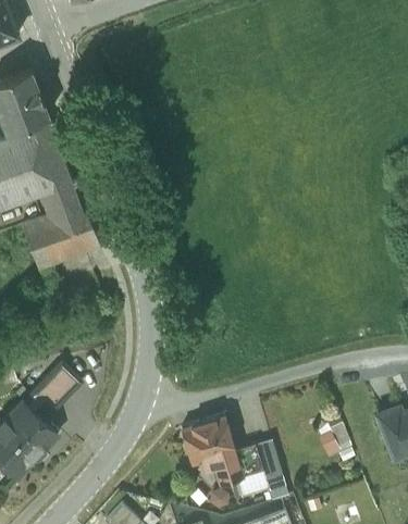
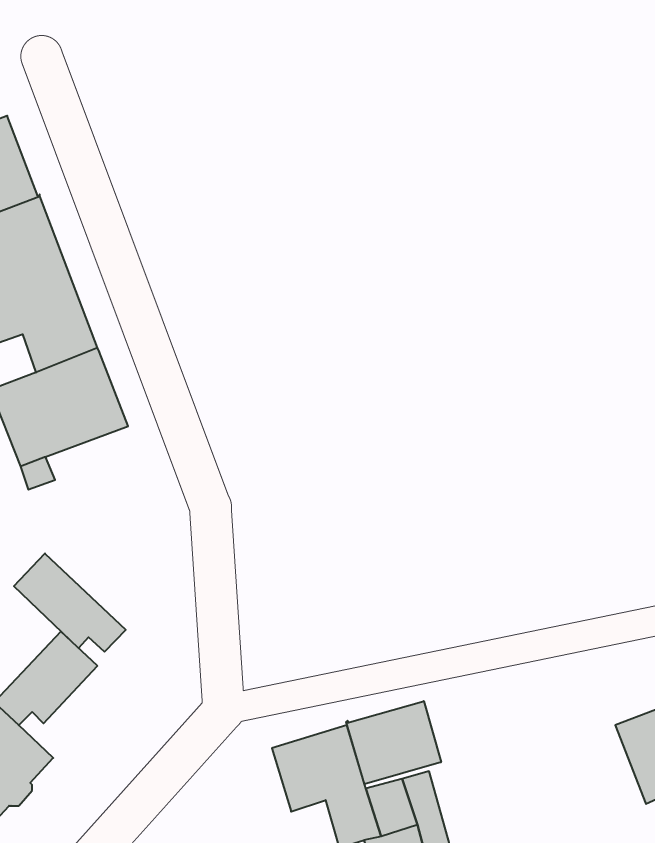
building: none -> [14,553,126,652]
building: none -> [346,701,441,784]
building: [320,422,353,457] -> none

